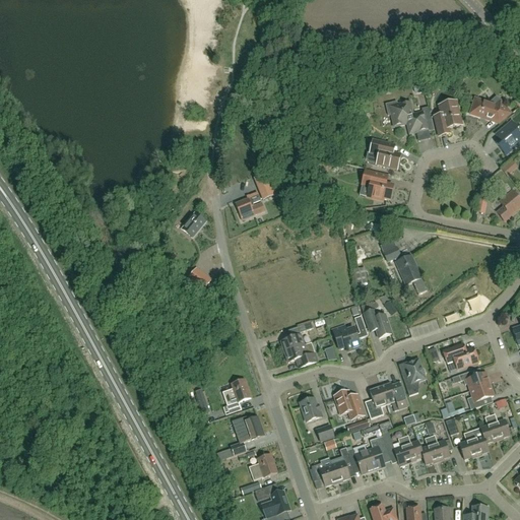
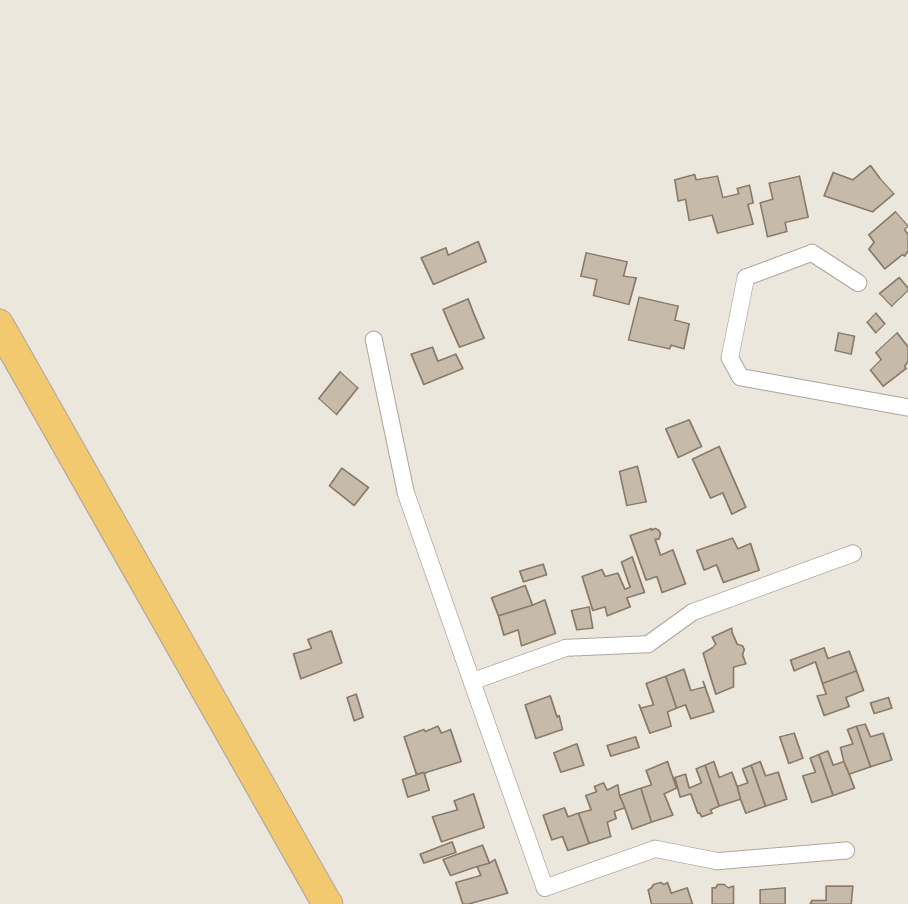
building: none -> [421,242,486,284]
building: [369,139,400,169] -> [581,253,636,305]
building: [442,343,477,369] -> [697,538,759,583]
building: [222,379,250,406] -> [294,631,342,679]
building: [333,390,364,419] -> none

